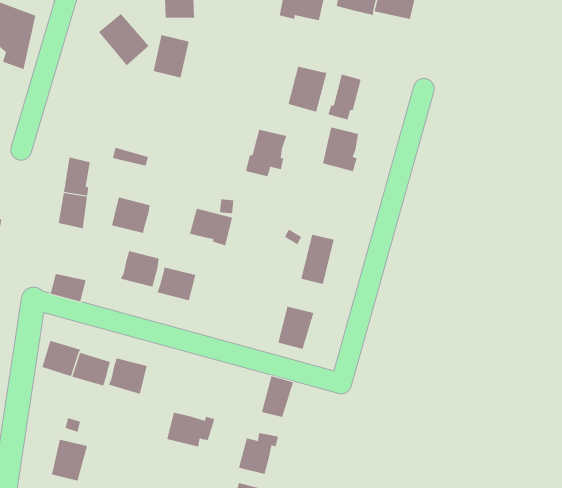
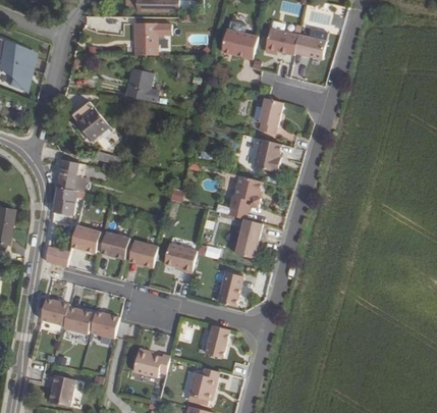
building: [98,13,150,66] -> [68,100,107,140]
building: [288,66,327,112] -> none
building: [245,129,287,177] -> [228,175,260,211]
building: [111,197,151,234] -> [70,224,100,252]
building: [189,208,233,246] -> [165,237,198,265]

